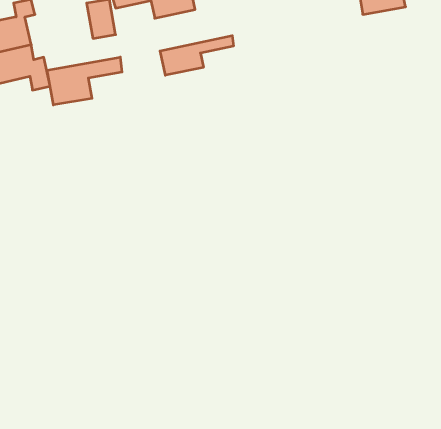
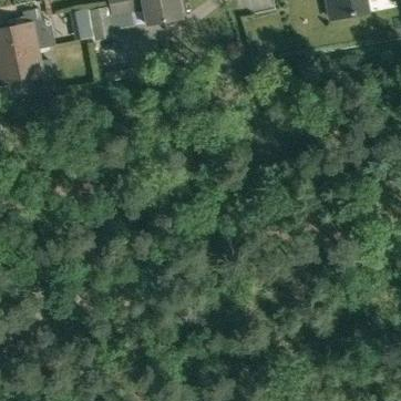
building: [160,36,233,75] -> none
building: [47,57,122,105] -> none

